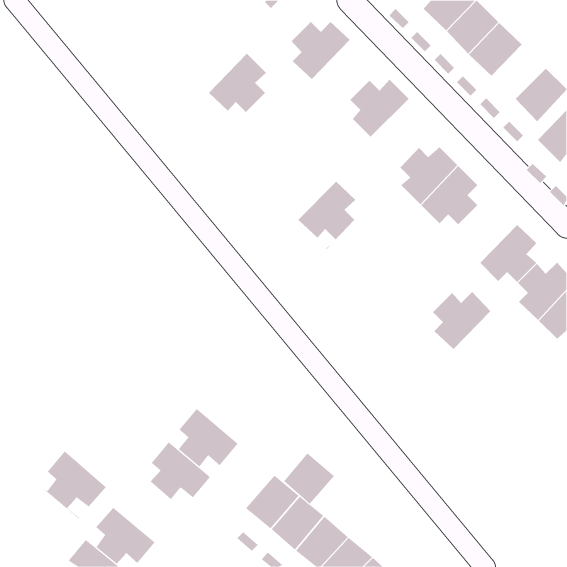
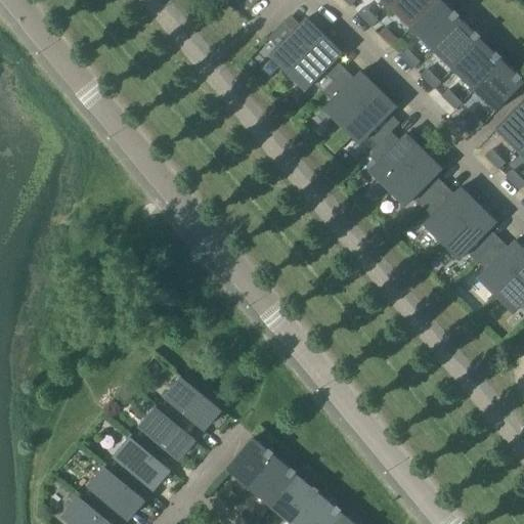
building: none -> [453,41,504,91]
building: [208,53,267,113] -> [288,37,342,92]
building: [297,181,356,250] -> [342,91,396,155]
building: [432,291,491,350] -> [423,188,477,243]
building: [37,450,107,519] -> [104,437,169,500]
building: [284,452,335,504] -> none

